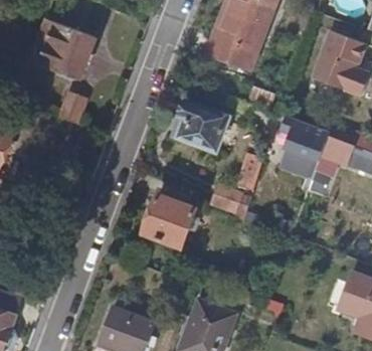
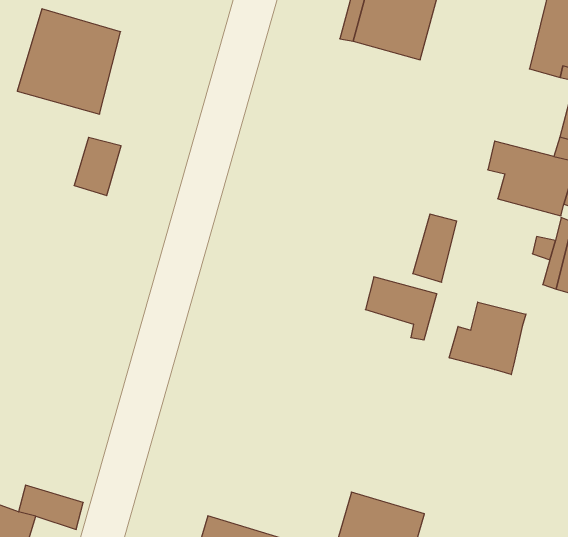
building: [178,101,228,152] -> none
building: [144,193,195,243] -> none
building: none -> [449,302,526,375]

